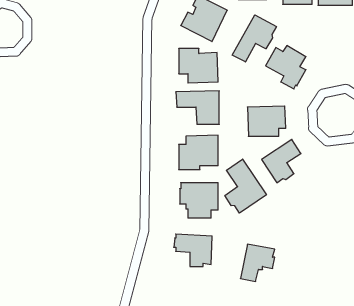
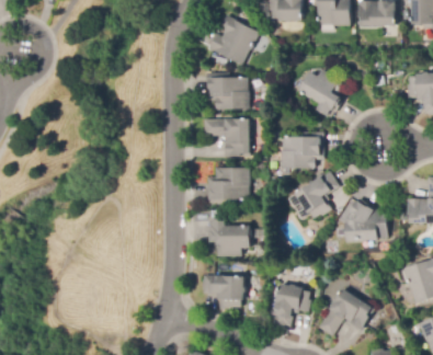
building: [232,15,276,62] -> none
building: [225,159,266,213] -> none
building: none -> [344,197,387,239]
building: none -> [318,288,374,335]

